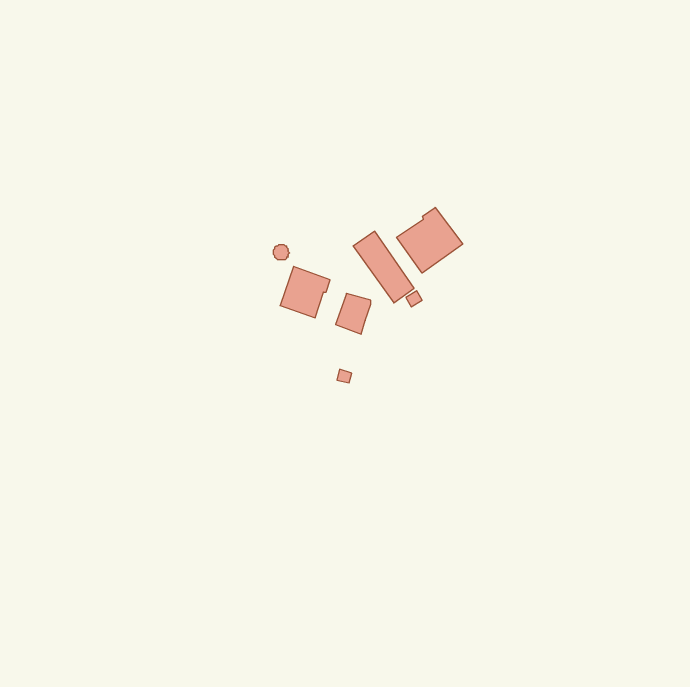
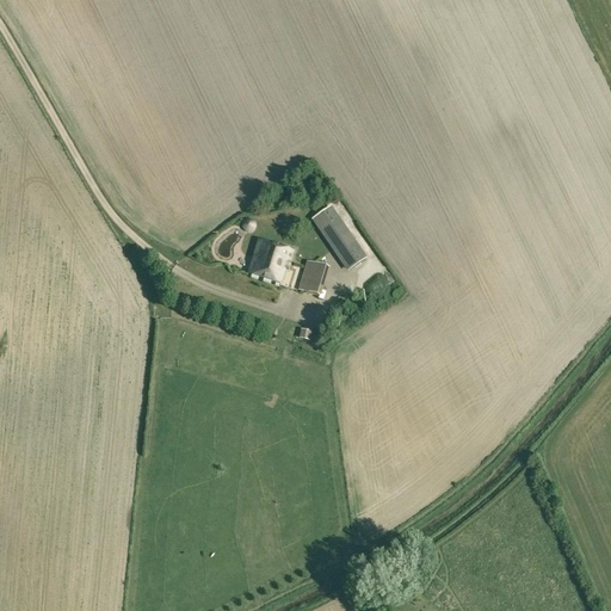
building: [397,207,463,273] -> none

